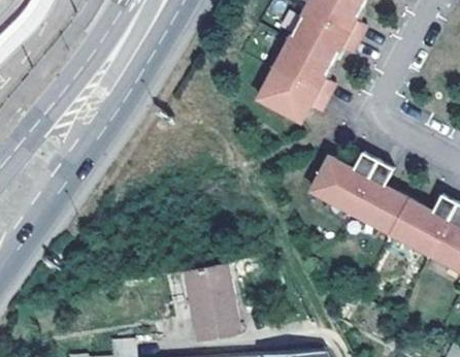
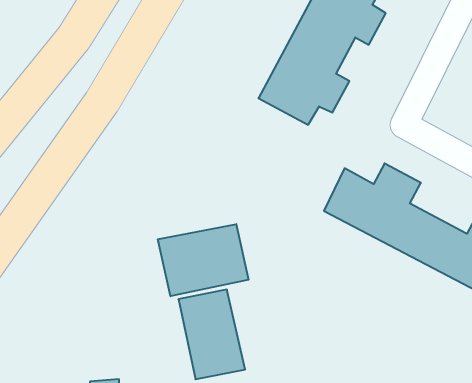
building: none -> [158,224,249,296]

